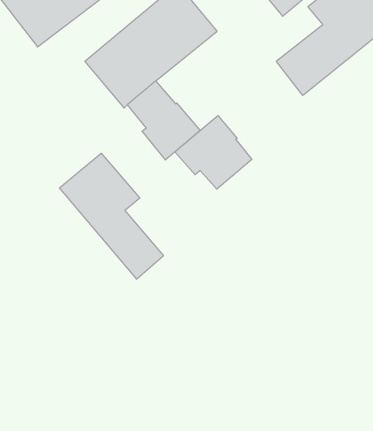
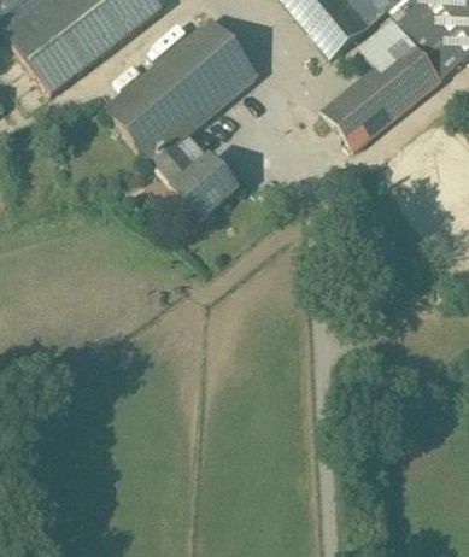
building: [175,116,252,189] -> none
building: [60,153,163,279] -> none

